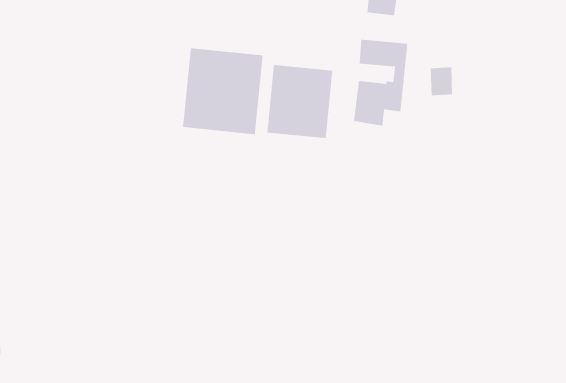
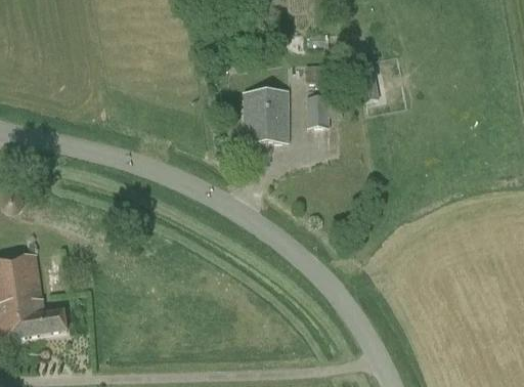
building: [182,47,263,135] -> none

